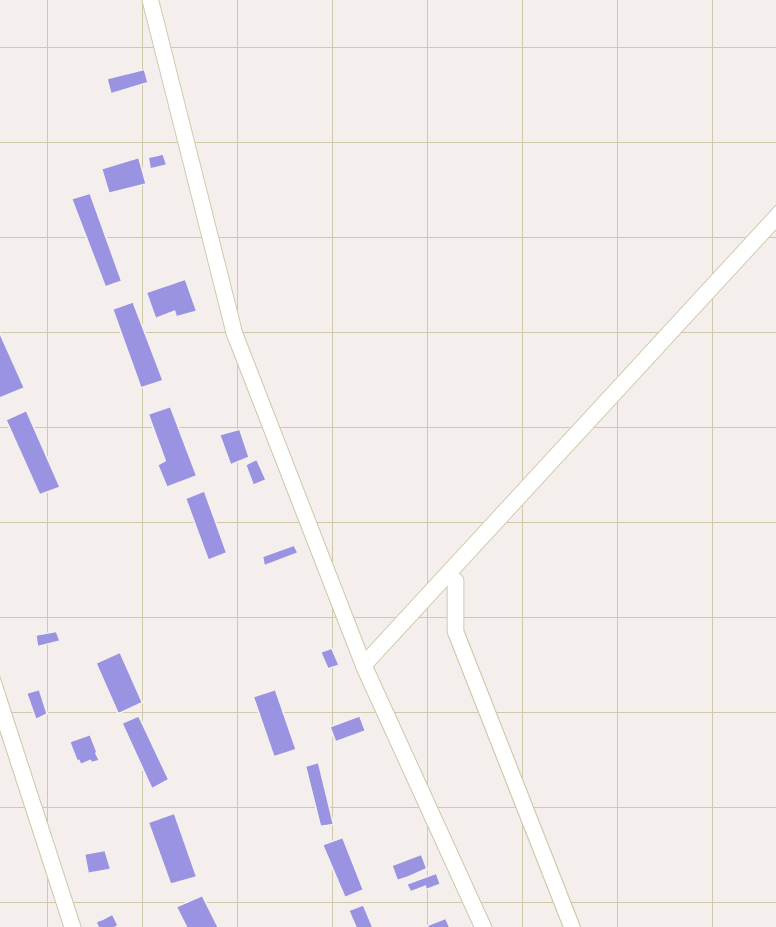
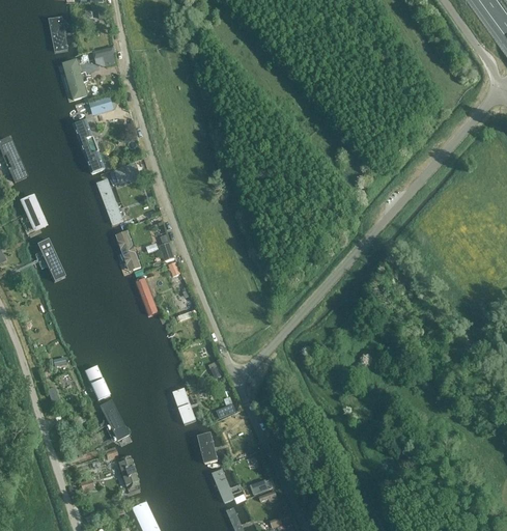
building: none -> [48,12,68,52]
building: none -> [61,56,86,99]

